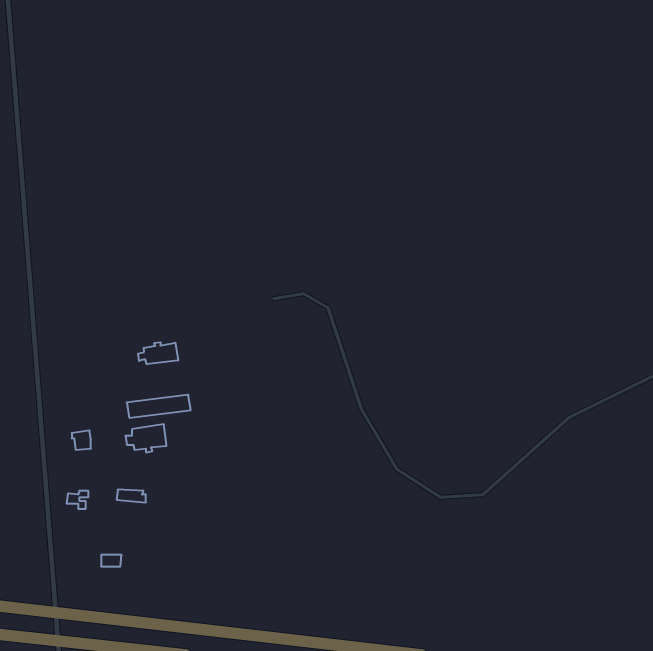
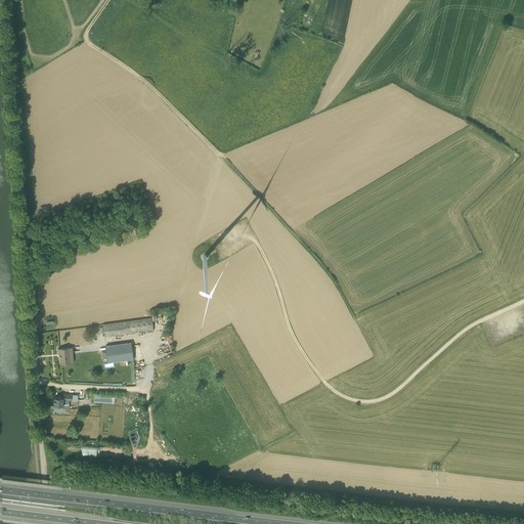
building: [138,342,178,364] -> none

